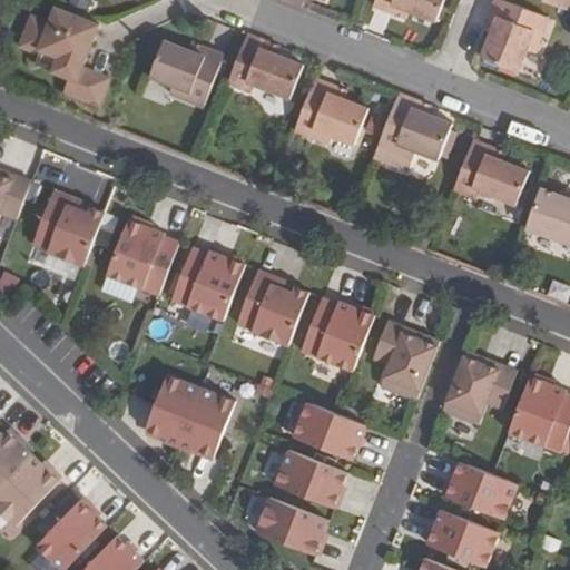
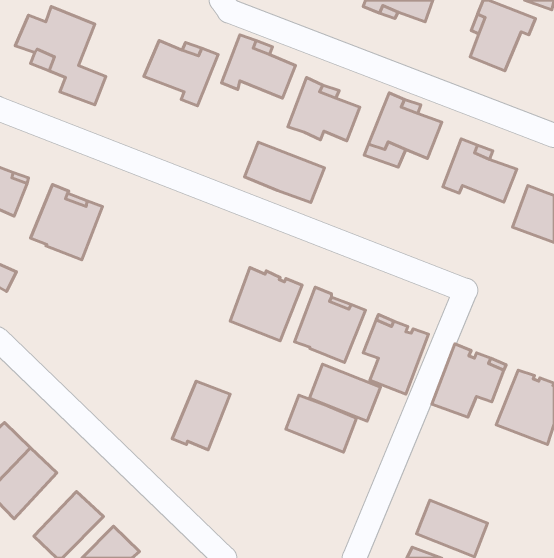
building: none -> [244,142,324,203]
building: [106,217,178,294] -> none
building: [169,248,244,322] -> none
building: [144,374,200,448] -> none
building: [273,451,345,509] -> [309,364,380,421]
building: [444,463,517,520] -> none
building: [254,498,327,556] -> none

